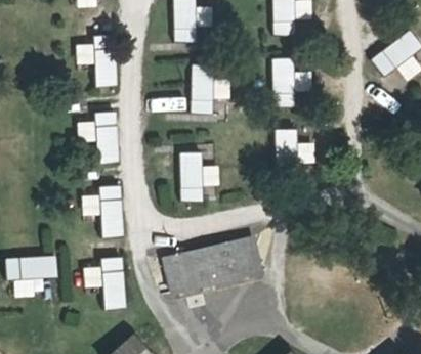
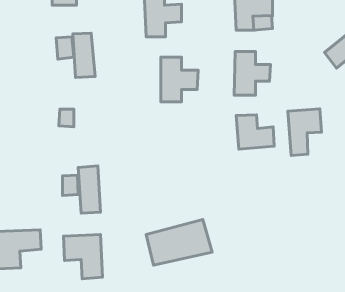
building: [95,112,119,164] -> none
building: none -> [288,109,322,156]
building: [178,151,220,202] -> none

